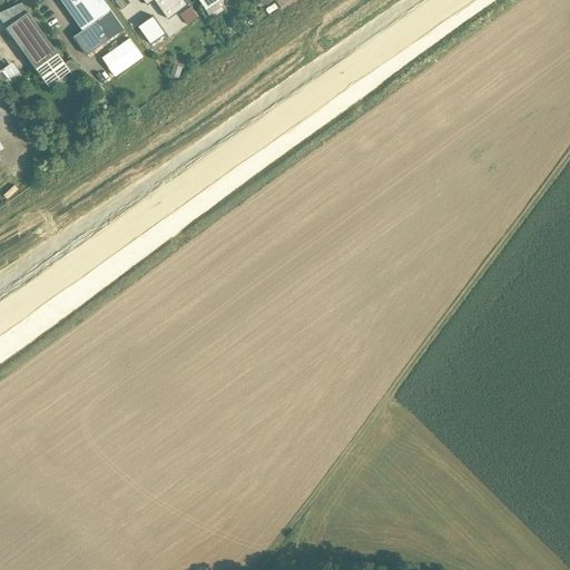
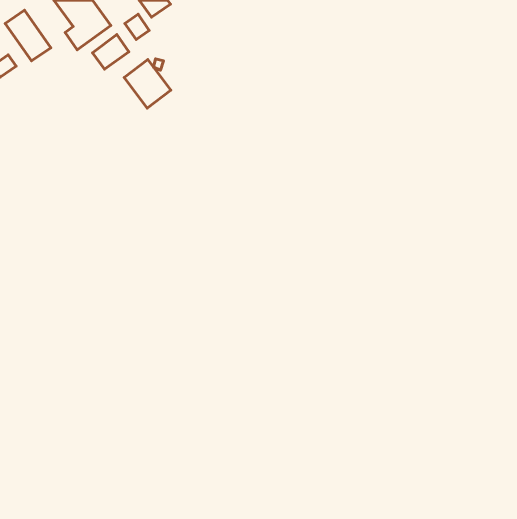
building: [35,52,67,85] -> none
building: none -> [124,60,171,108]

